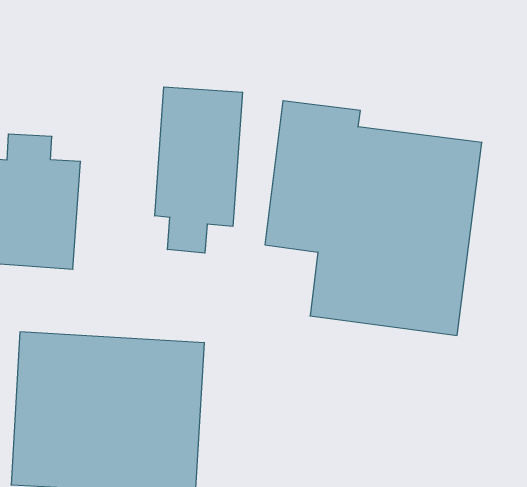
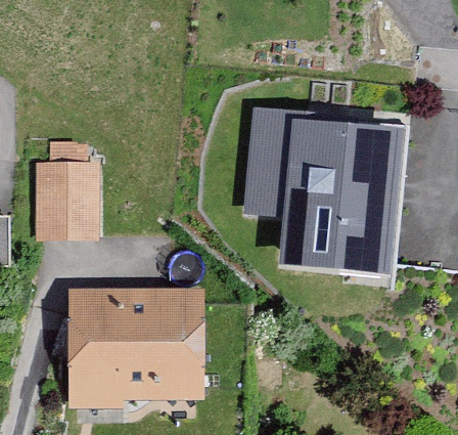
building: [155,87,243,253] -> none

